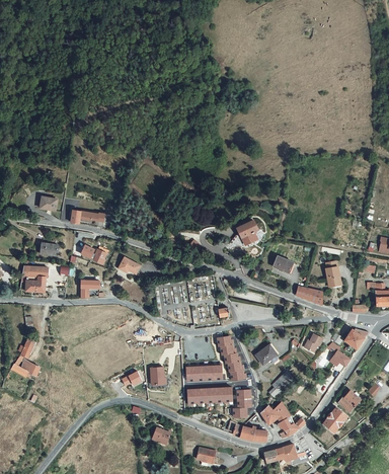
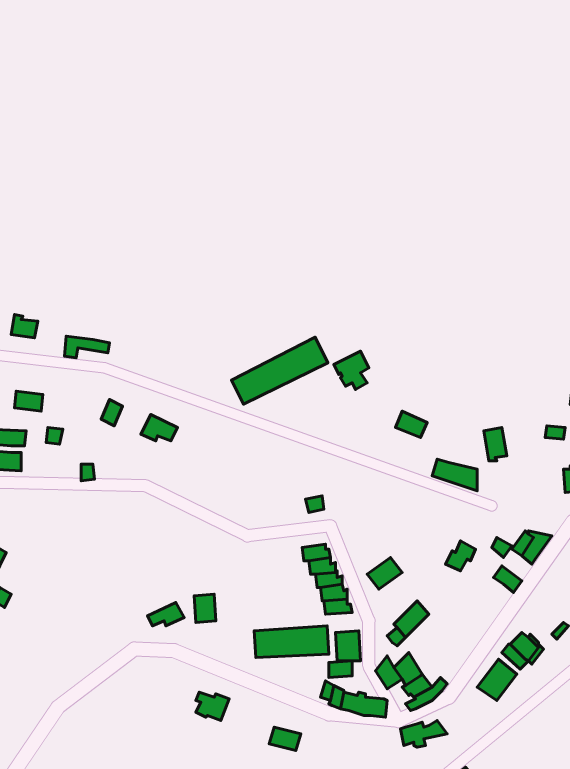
building: none -> [232,337,328,404]
building: [185,365,222,381] -> none

